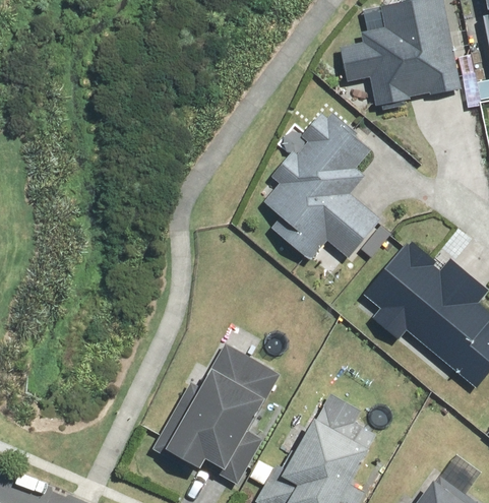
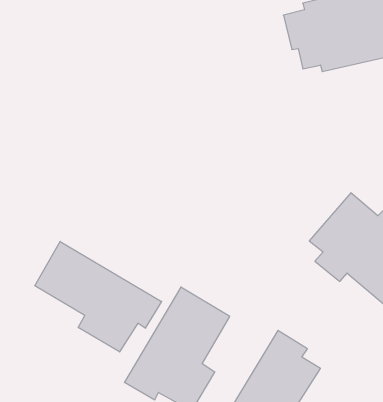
building: [261,110,380,260] -> none
building: none -> [35,241,162,352]

